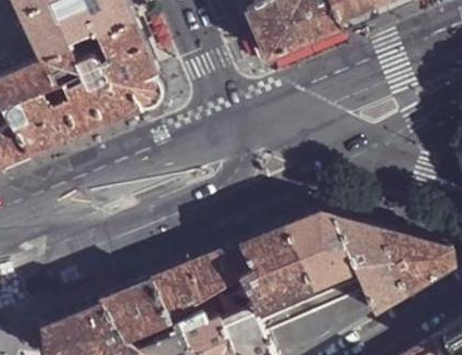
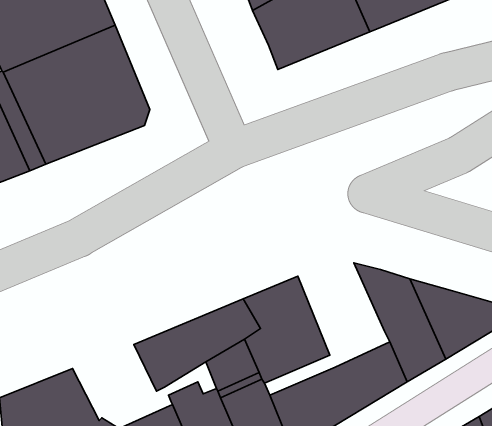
building: [284,212,354,291] -> none
building: [100,282,168,344] -> none

